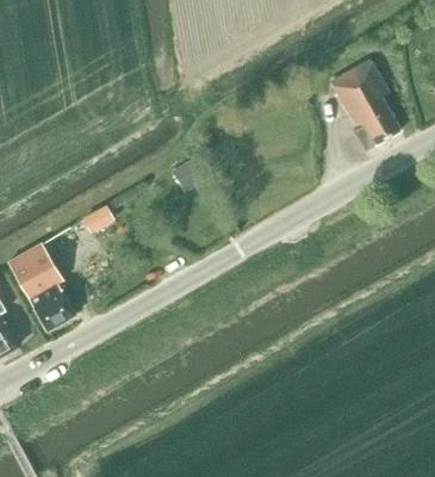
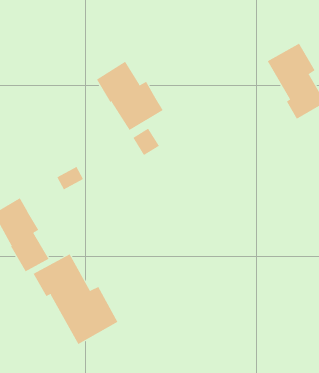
building: none -> [96,61,164,131]
building: none -> [33,253,118,345]

